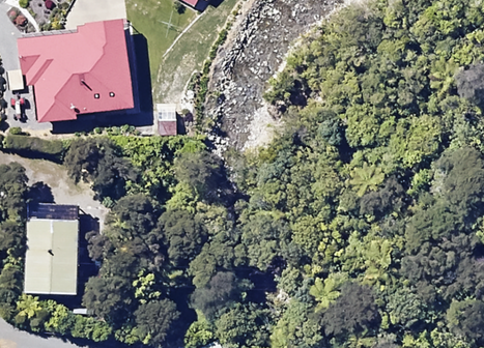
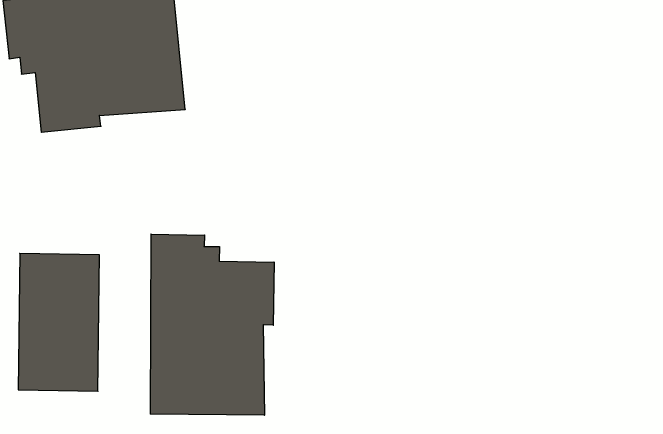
building: none -> [150,234,274,415]

